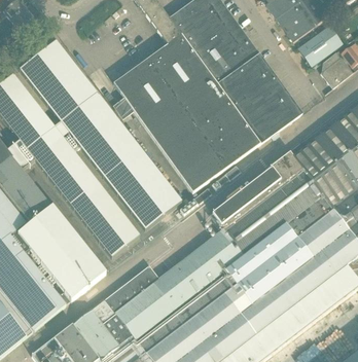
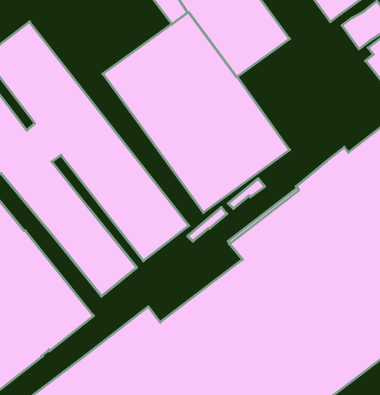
building: [219,55,302,142] -> none

